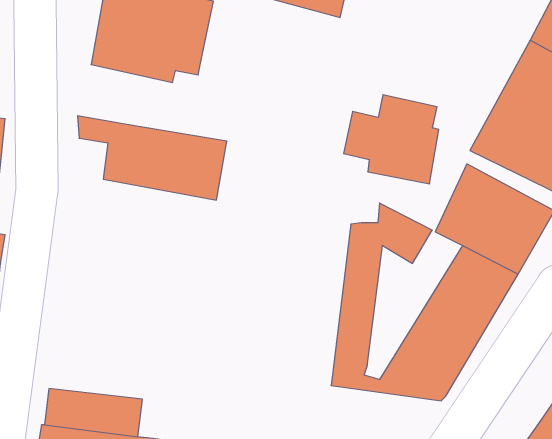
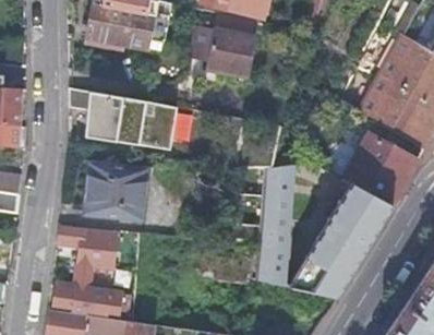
building: [344,95,439,184] -> [188,13,256,77]
building: none -> [83,161,146,218]
building: none -> [55,230,117,268]

